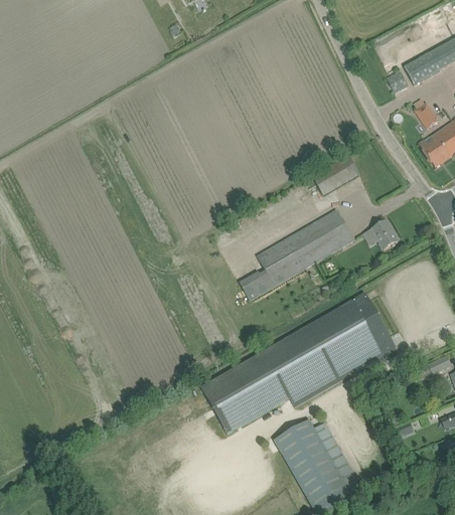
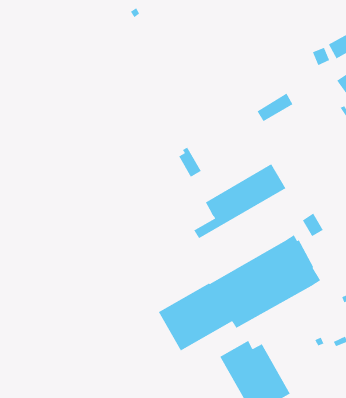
building: [313,160,357,195] -> [257,93,294,122]
building: none -> [178,147,202,178]
building: [371,219,398,248] -> [302,213,324,237]

